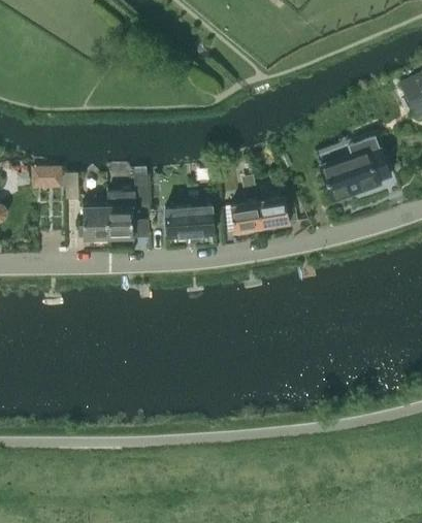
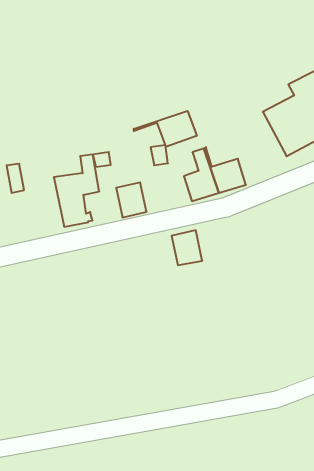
building: none -> [134,111,197,147]
building: [83,190,110,239] -> none
building: [189,204,215,235] -> [172,230,202,265]

